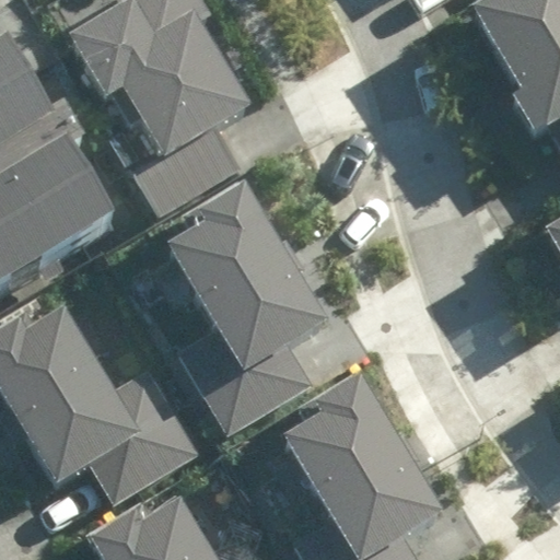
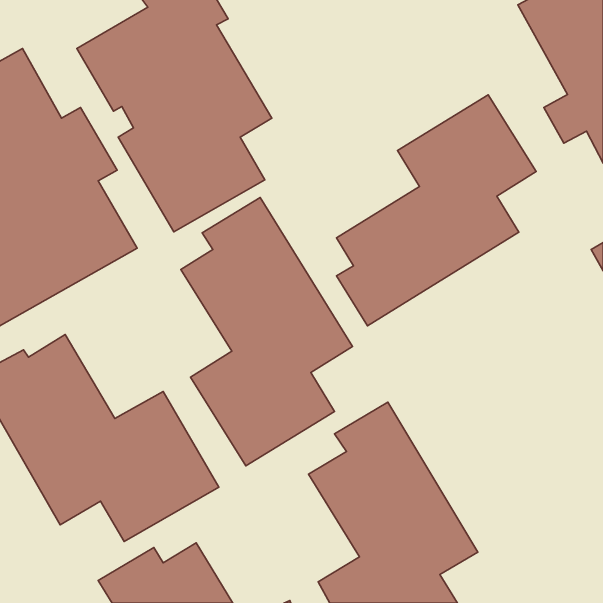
building: none -> [336,95,536,326]

